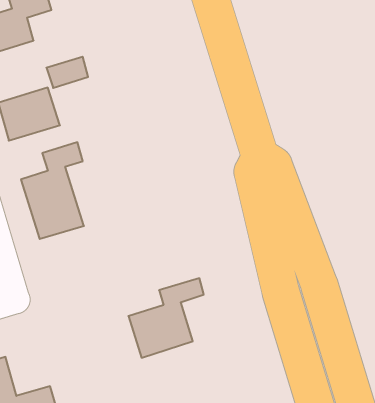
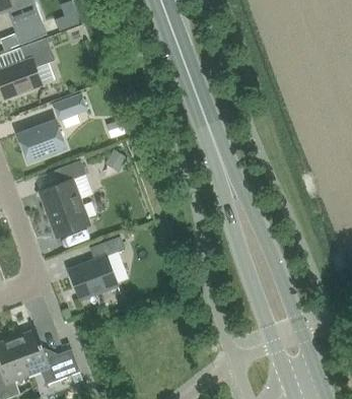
building: [128,278,204,358] -> [67,237,124,301]

